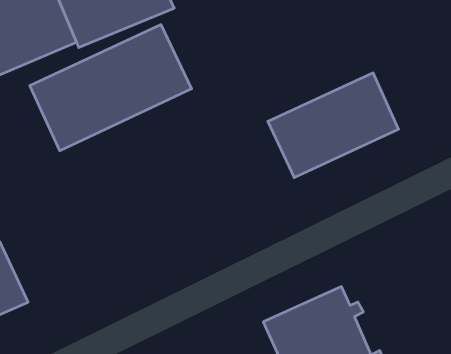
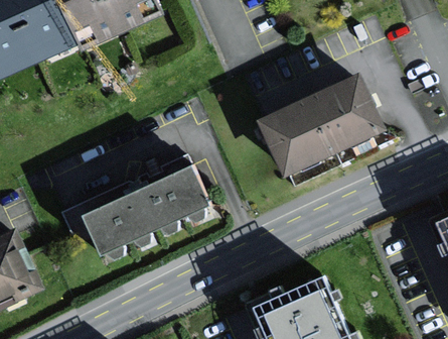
building: [30,25,192,151] -> none
building: none -> [74,156,211,260]

